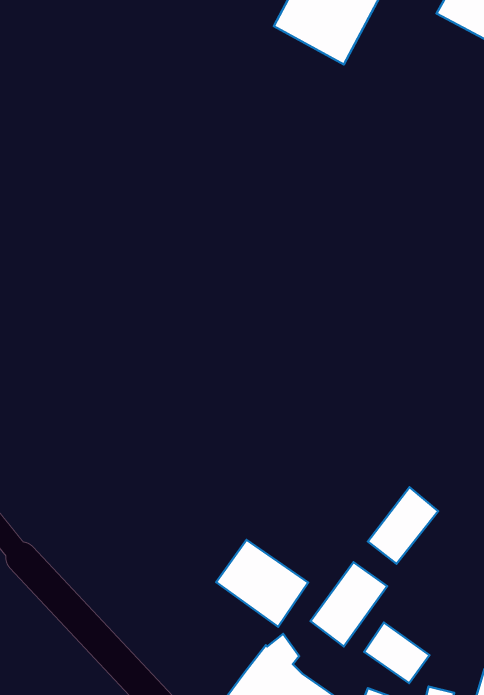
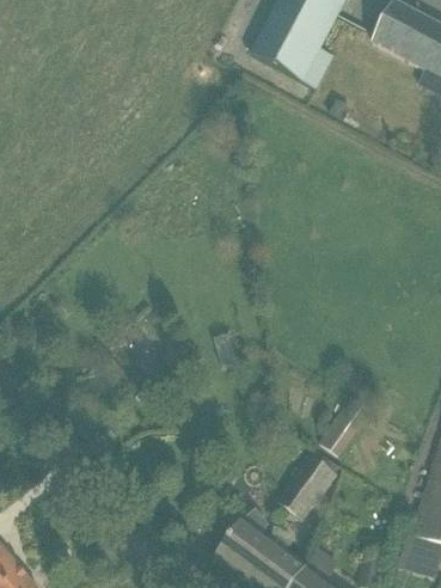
building: [216,540,308,627] -> none
building: [364,623,429,683] -> none

